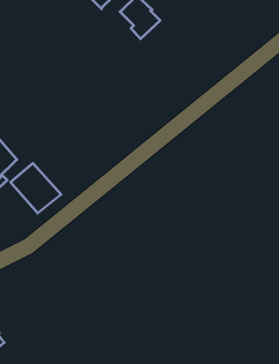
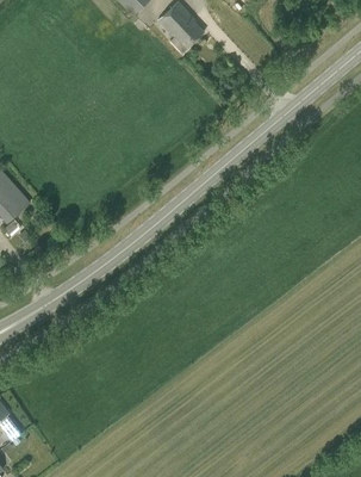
building: [11,163,61,213] -> none

